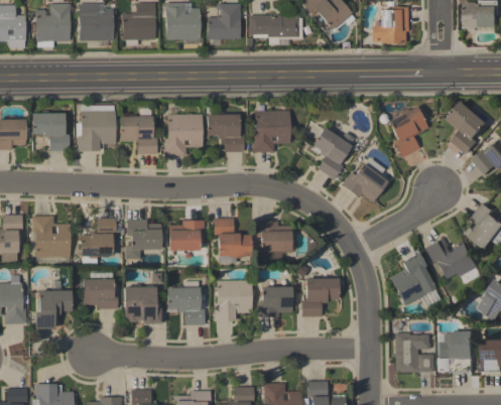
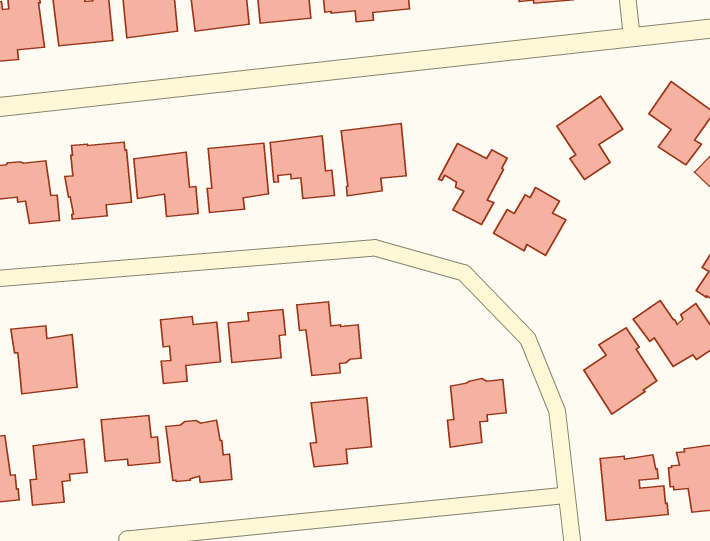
building: [79,219,116,266] -> none
building: [257,222,292,252] -> none
building: [167,282,205,325] -> none
building: [257,287,292,317] -> none

